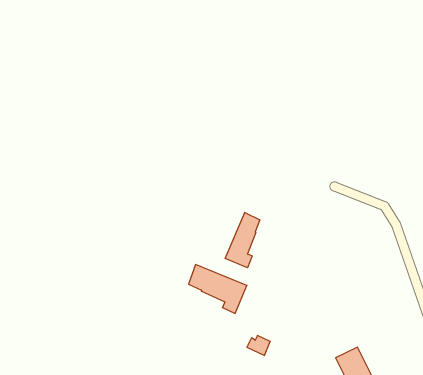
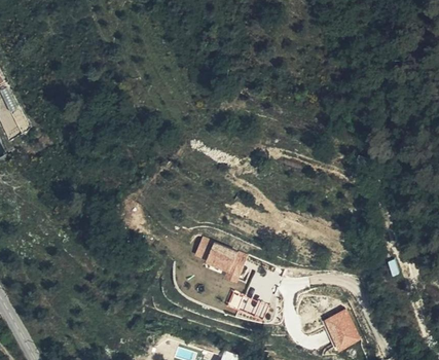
building: [225,212,260,268] -> none

